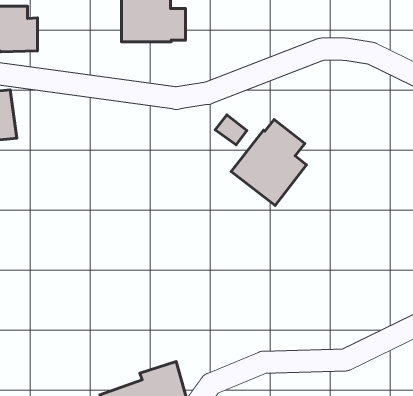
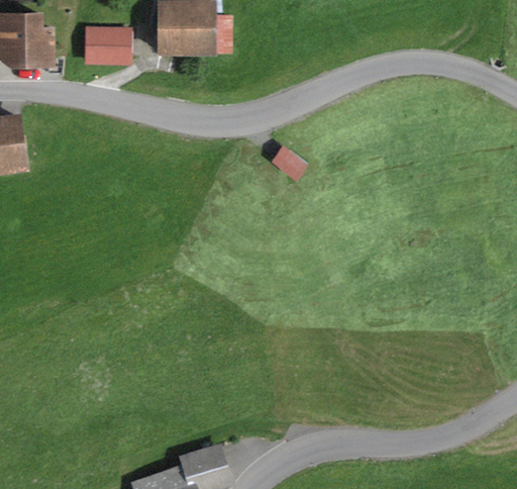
building: none -> [83,26,130,65]
building: [231,120,307,205] -> none

